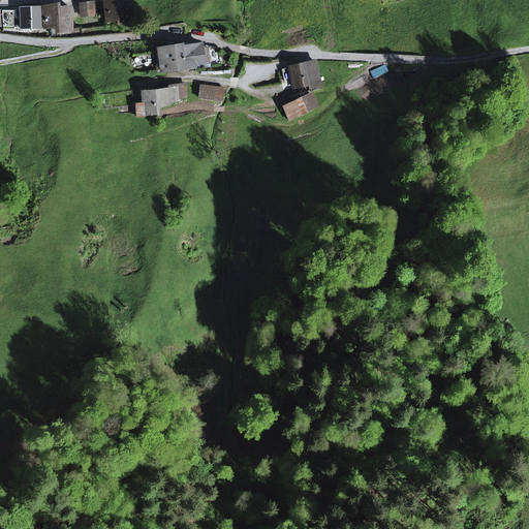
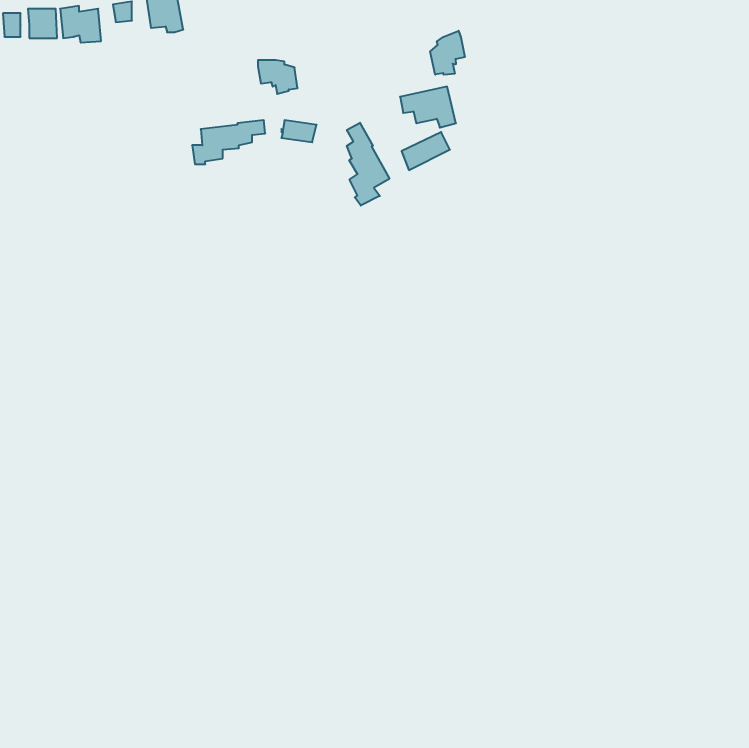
building: none -> [430,31,465,75]
building: [158,46,195,70] -> none
building: none -> [347,123,389,206]

